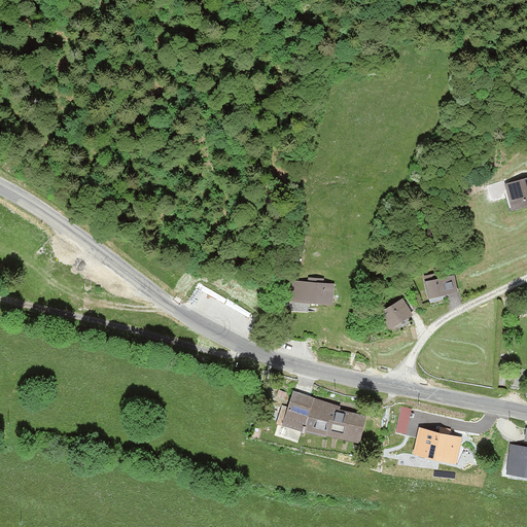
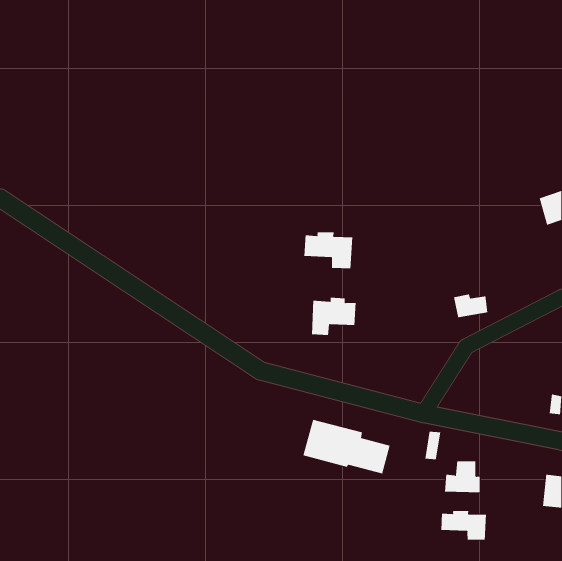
building: none -> [304,231,353,269]
building: [381,297,413,326] -> none
building: none -> [441,510,487,540]

